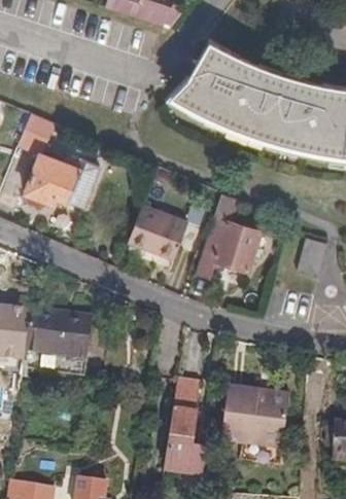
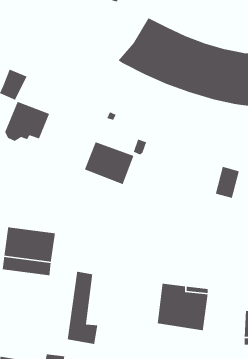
building: [199,190,264,276] -> none
building: [164,380,204,474] -> [67,271,98,345]

